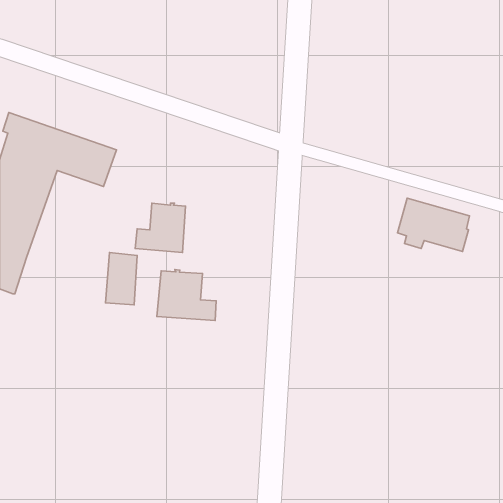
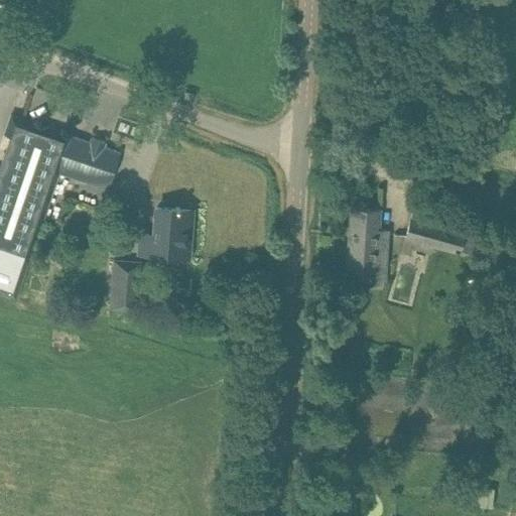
building: none -> [345,210,388,280]
building: [157,270,216,320] -> none

